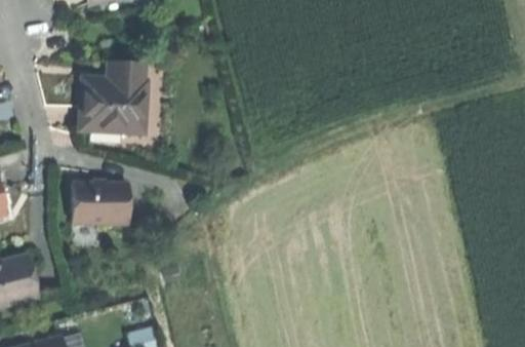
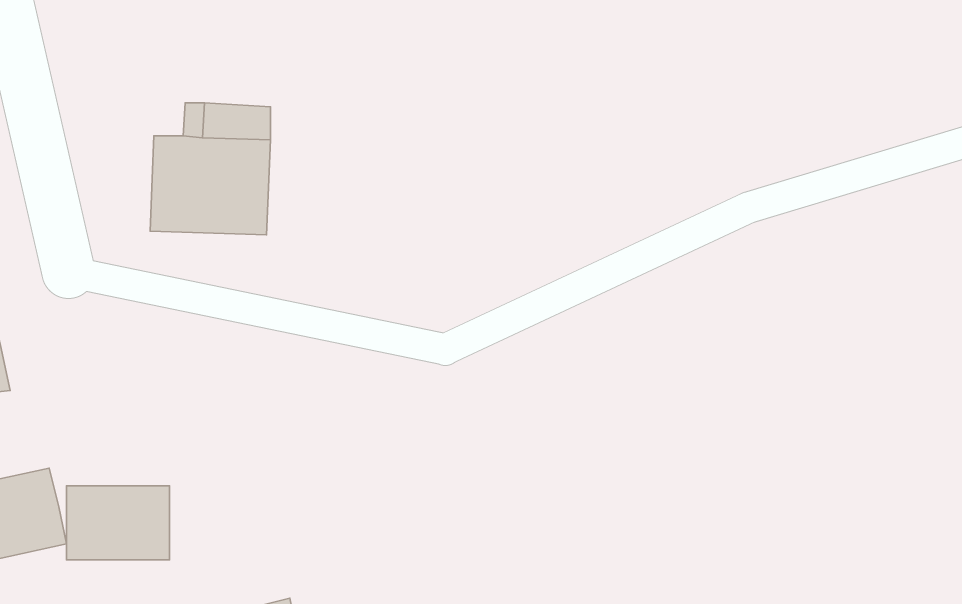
building: [74,185,128,224] -> [67,486,170,560]

